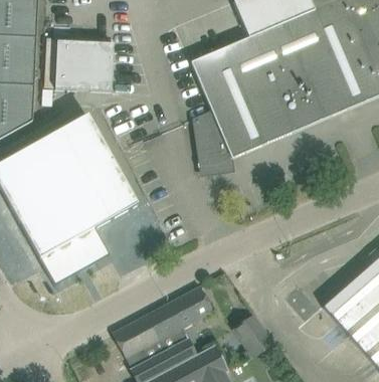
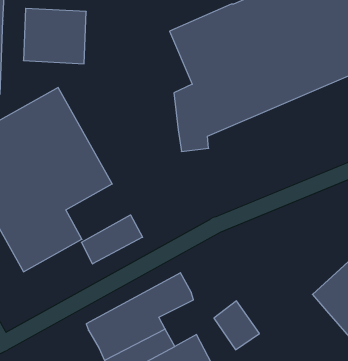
building: none -> [81,215,143,264]

